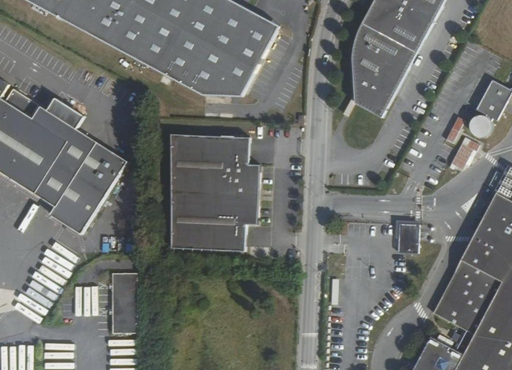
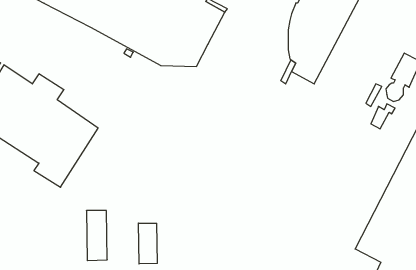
building: [169,131,263,246] -> none
building: [395,222,417,251] -> none
building: none -> [138,223,157,264]

